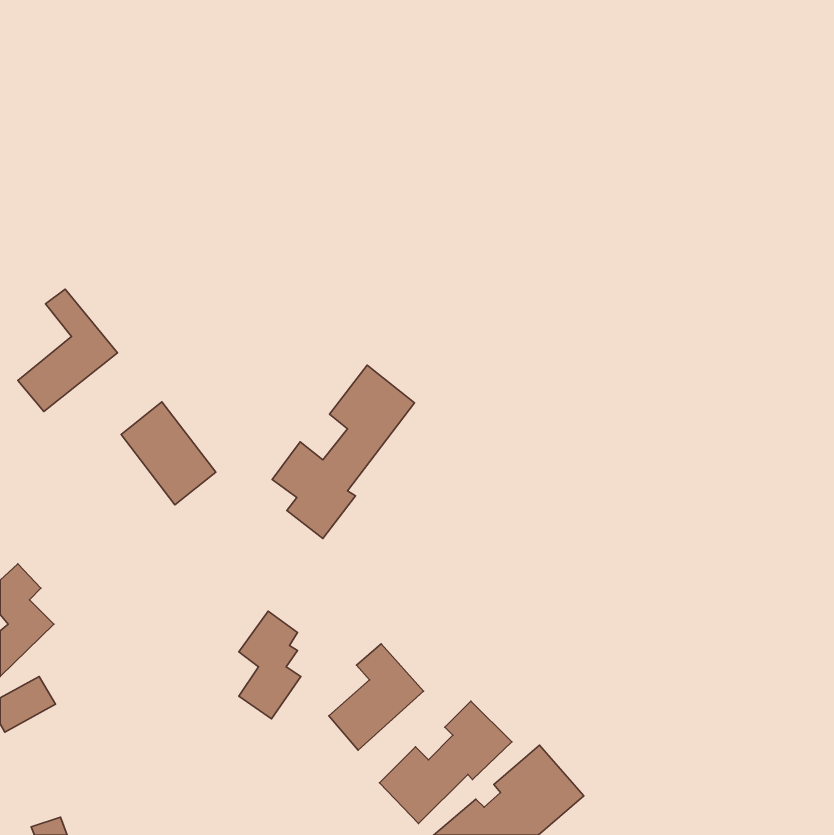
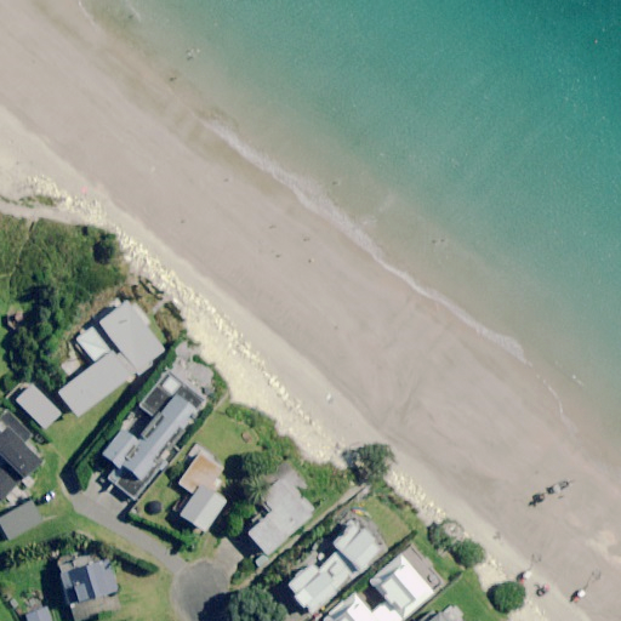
building: [18,289,117,412] -> [56,330,130,421]
building: [272,365,415,538] -> [98,365,204,494]
building: none -> [13,384,59,431]
building: none -> [58,558,119,606]

